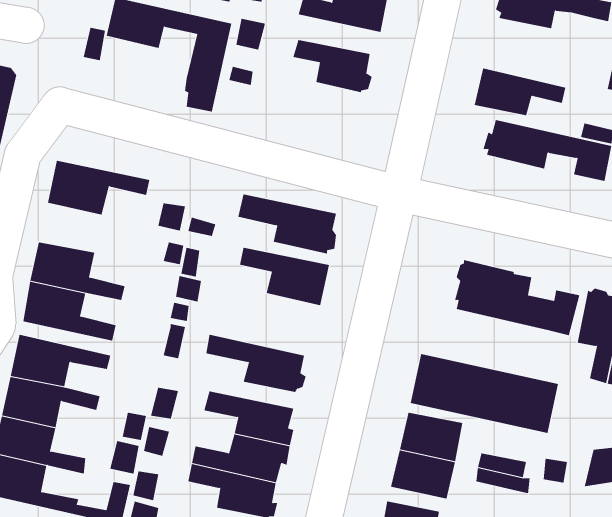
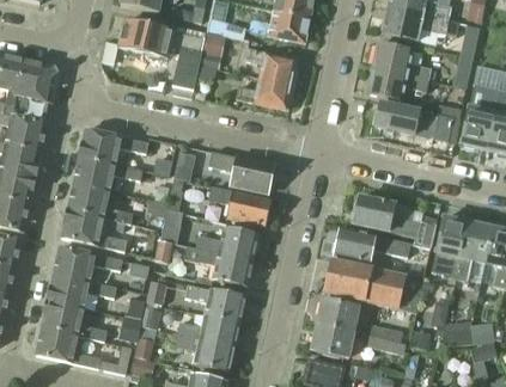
building: none -> [372,41,431,79]
building: none -> [236,75,294,108]
building: none -> [73,156,141,190]
building: none -> [331,226,409,260]
building: none -> [185,227,261,259]

